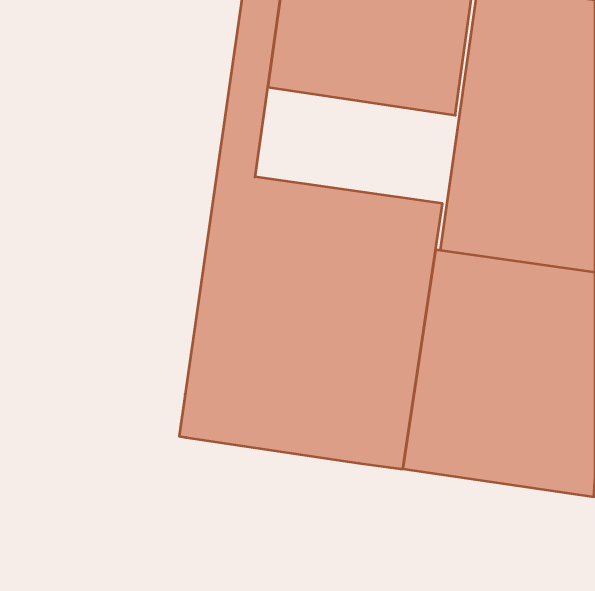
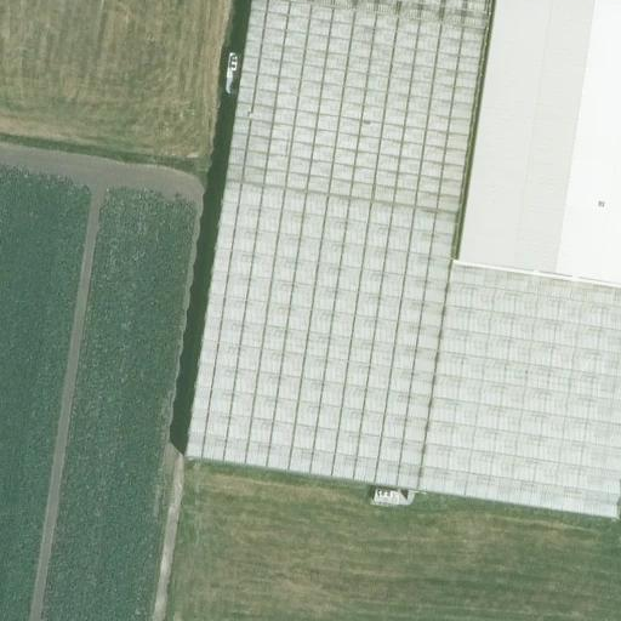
building: none -> [266,91,474,212]

